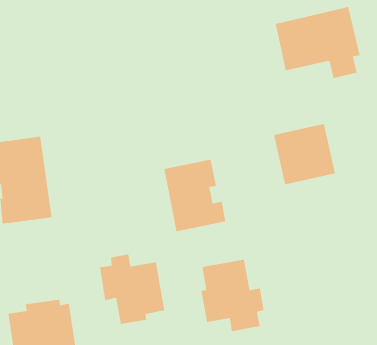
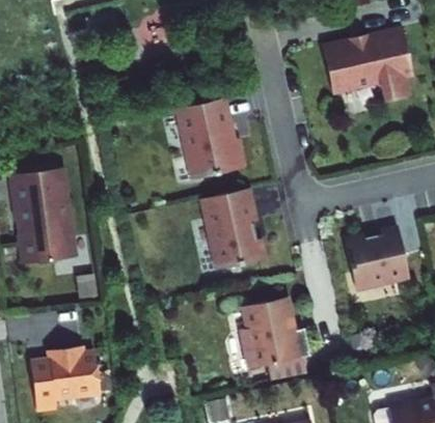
building: none -> [172,96,246,179]
building: [273,123,336,185] -> [344,226,412,293]
building: [99,254,165,325] -> none

